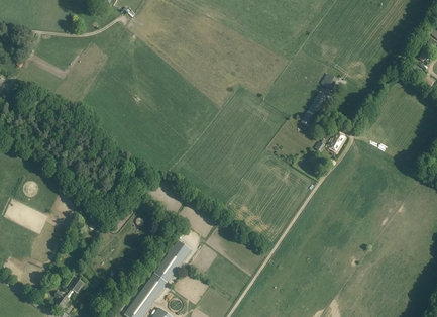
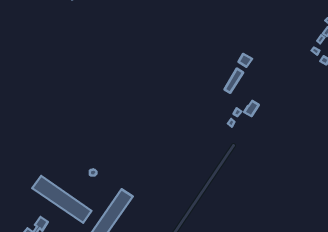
building: none -> [32,176,92,223]

